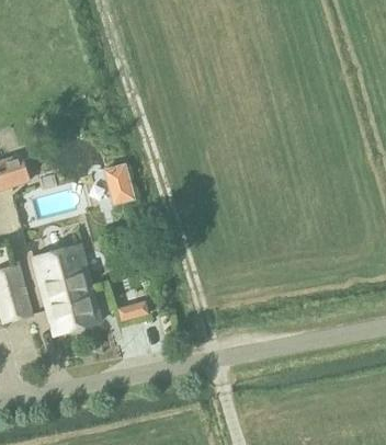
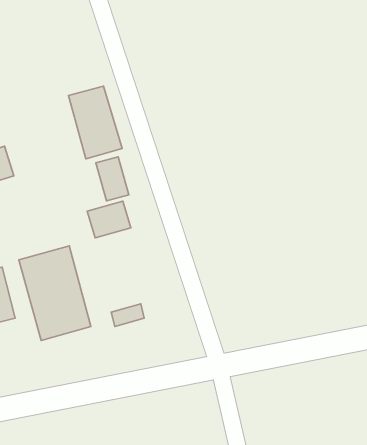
building: none -> [68,86,122,159]
building: none -> [87,201,131,238]

